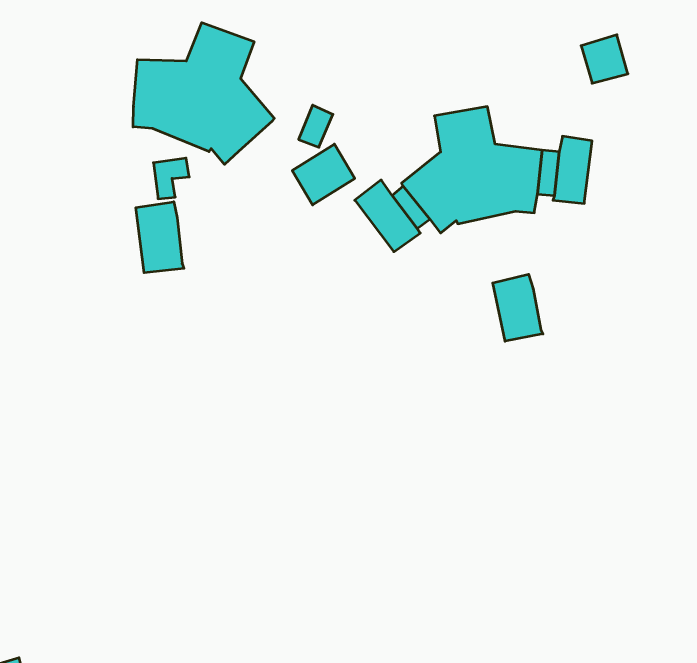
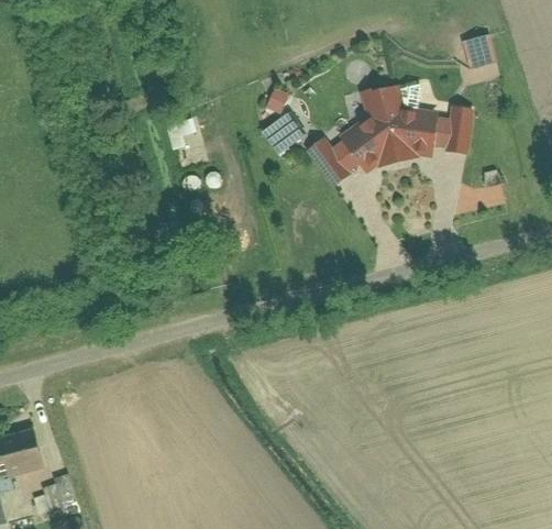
building: [133,23,274,164] -> none
building: [136,202,184,273] -> none
building: [493,274,543,341] -> none

